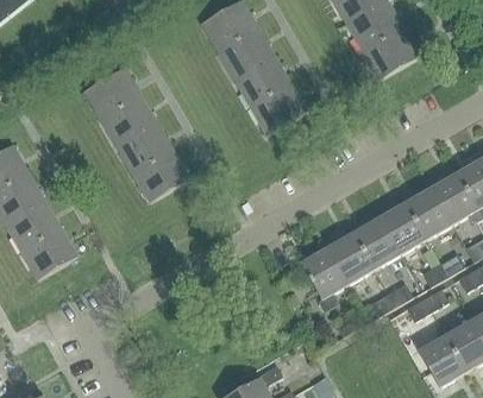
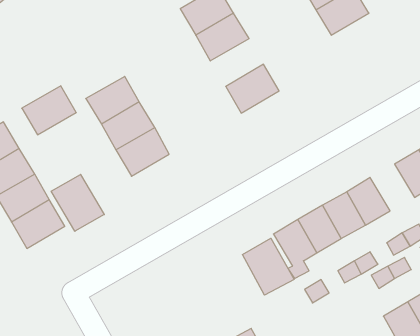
building: [363,27,420,78] -> none
building: [233,55,290,106] -> none
building: [83,67,142,119] -> [22,86,76,135]
building: [404,189,452,239] -> none
building: none -> [51,174,104,231]
building: none -> [242,238,294,295]

